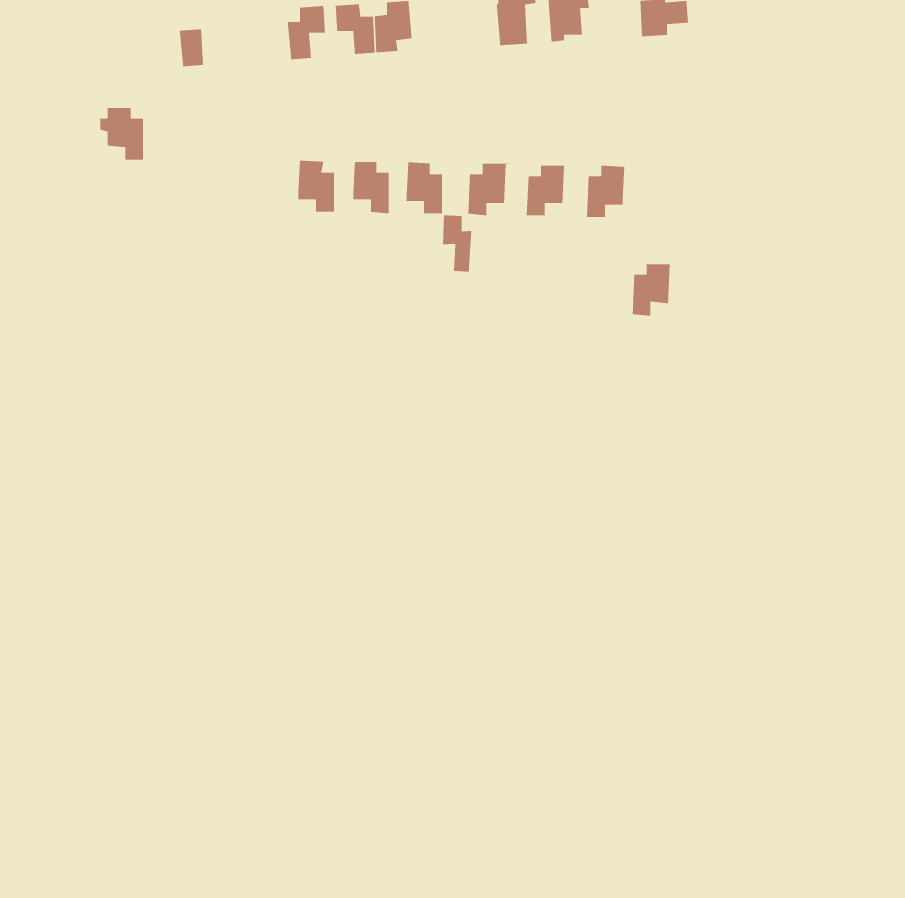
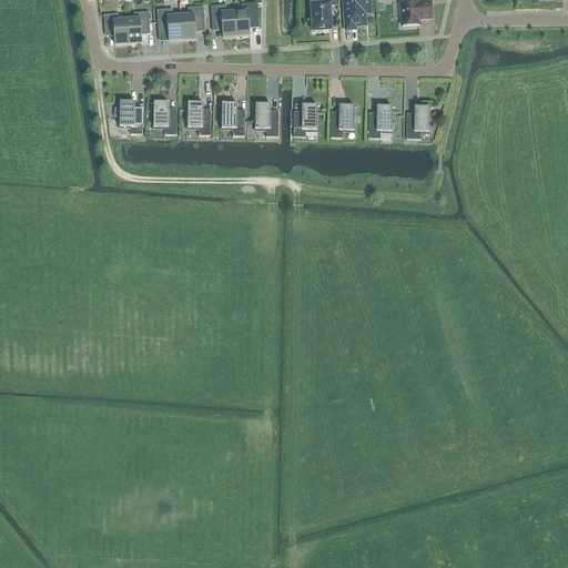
building: none -> [156,6,182,38]
building: none -> [126,9,149,41]
building: [100,107,144,160] -> [114,99,142,132]
building: none -> [153,100,176,133]
building: [442,215,472,272] -> none
building: [632,263,674,316] -> [405,104,432,138]

